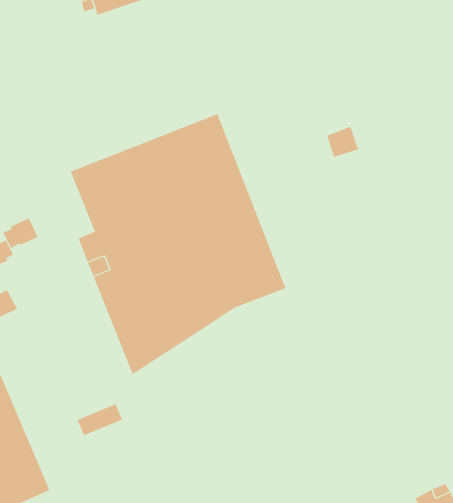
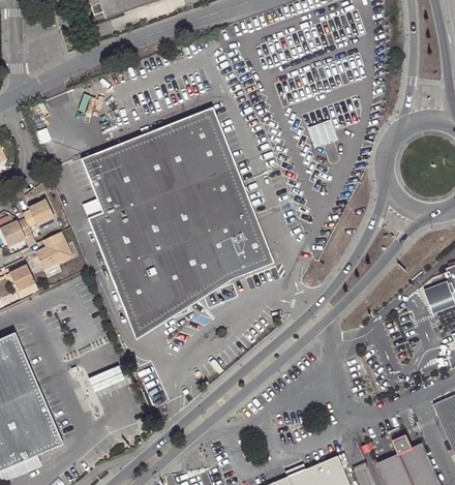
building: none -> [36,231,72,269]

